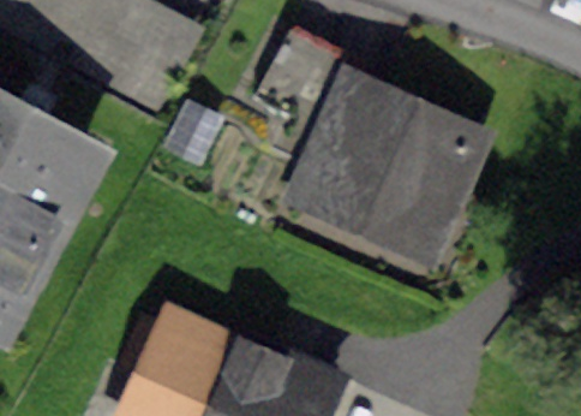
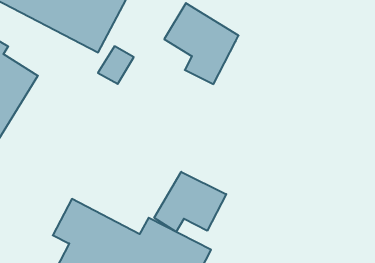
building: [310,85,467,236] -> none
building: none -> [154,172,226,232]

